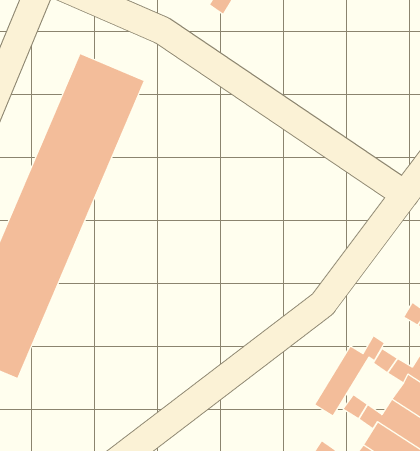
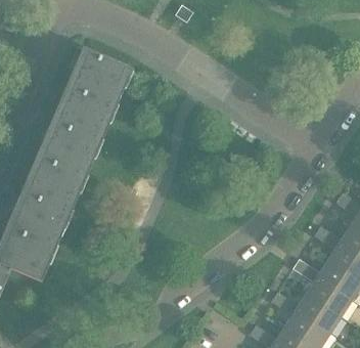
building: [314,336,385,416] -> none

